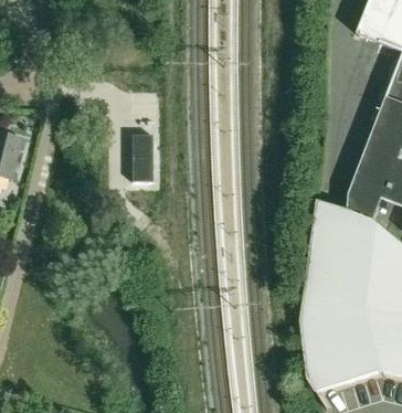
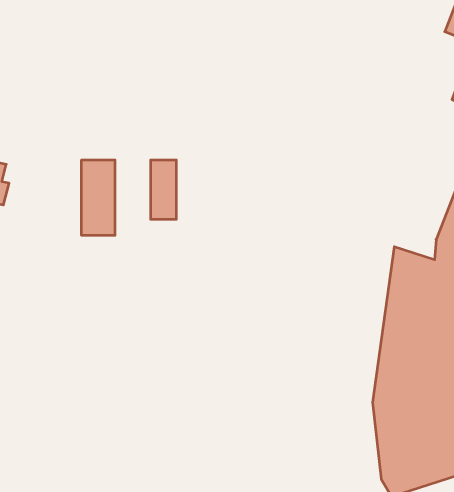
building: none -> [82,160,115,235]

